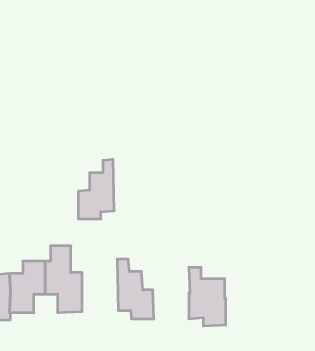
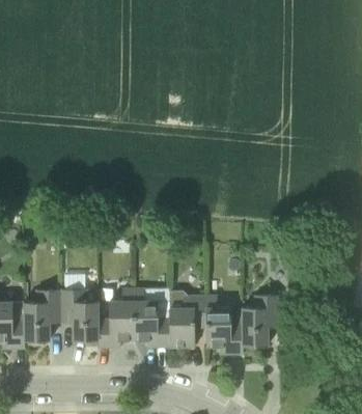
building: [78,159,114,219] -> [99,286,135,347]
building: none -> [169,291,207,347]
building: none -> [243,295,280,347]

